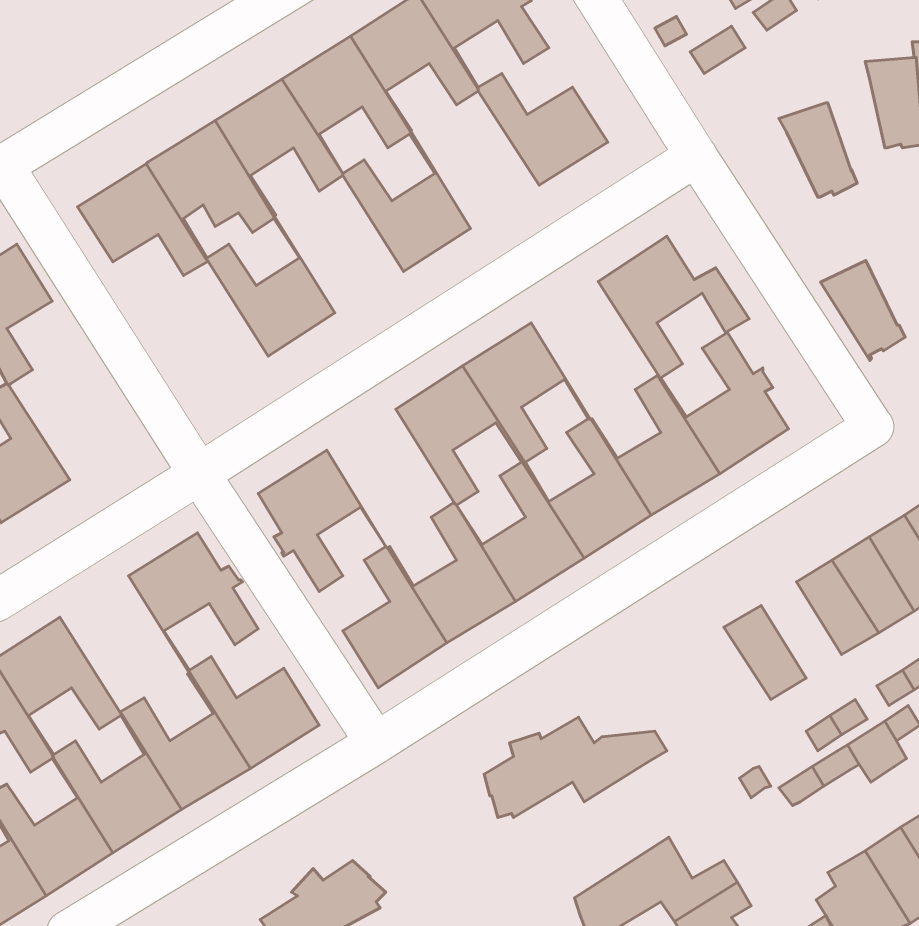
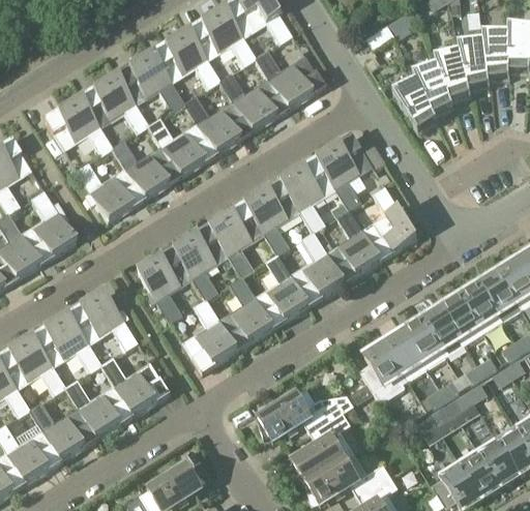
building: none -> [434,52,471,101]
building: none -> [217,59,286,131]
building: none -> [146,103,214,176]
building: none -> [73,148,143,221]
building: [821,261,905,361] -> [392,81,437,133]
building: none -> [282,159,349,233]
building: none -> [6,189,75,264]
building: none -> [174,227,241,300]
building: none -> [33,314,101,387]
building: none -> [403,318,445,368]
building: none -> [359,341,408,402]
building: none -> [291,413,354,484]

